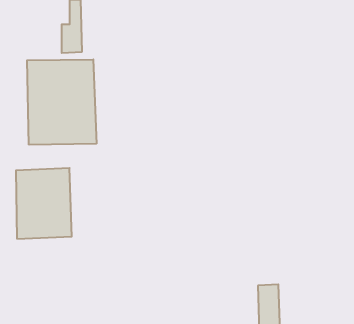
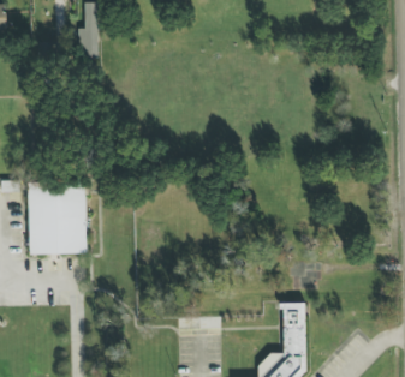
building: [27,59,96,145] -> none

